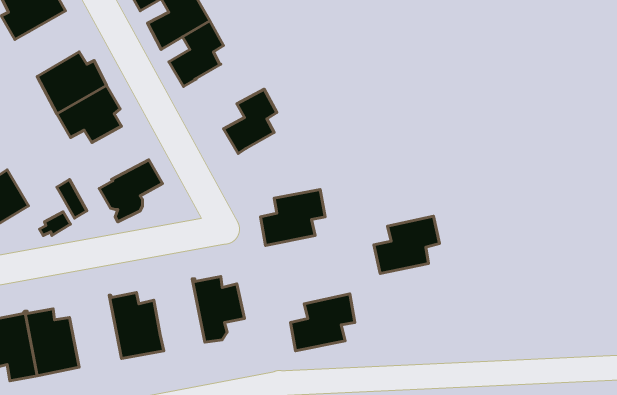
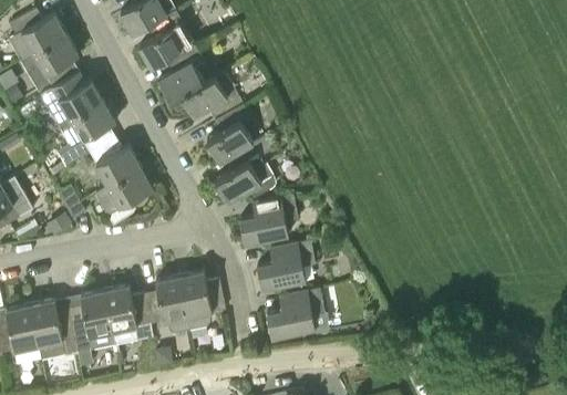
building: none -> [20,35,78,94]
building: none -> [181,76,243,118]
building: none -> [214,136,275,202]
building: none -> [89,138,140,186]
building: [374,216,440,273] -> [256,240,315,291]
building: none -> [144,274,189,334]
building: none -> [69,289,115,367]

